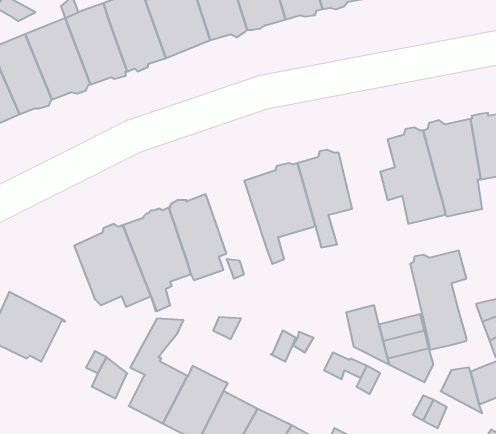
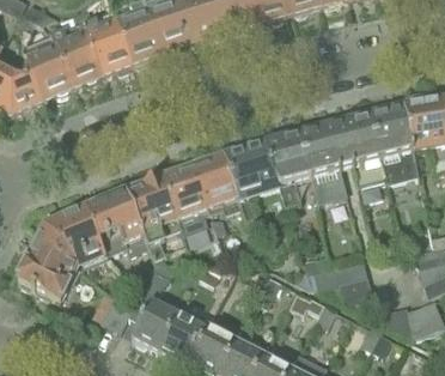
building: none -> [194,154,243,214]
building: none -> [35,206,109,268]
building: [410,251,466,350] -> [301,121,347,201]

